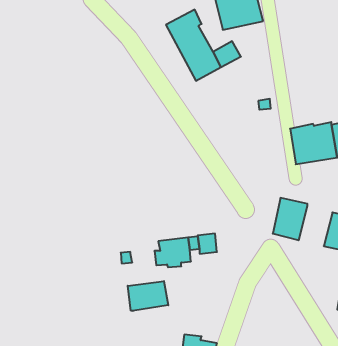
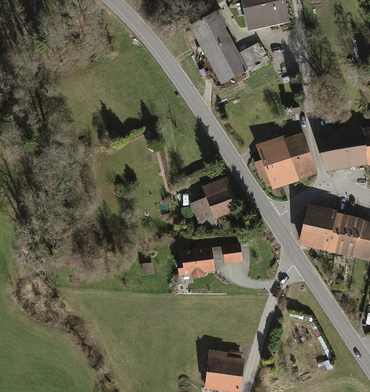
building: none -> [255,134,316,189]
building: none -> [191,177,238,224]
building: none -> [327,214,362,256]
building: [128,281,168,311] -> none

